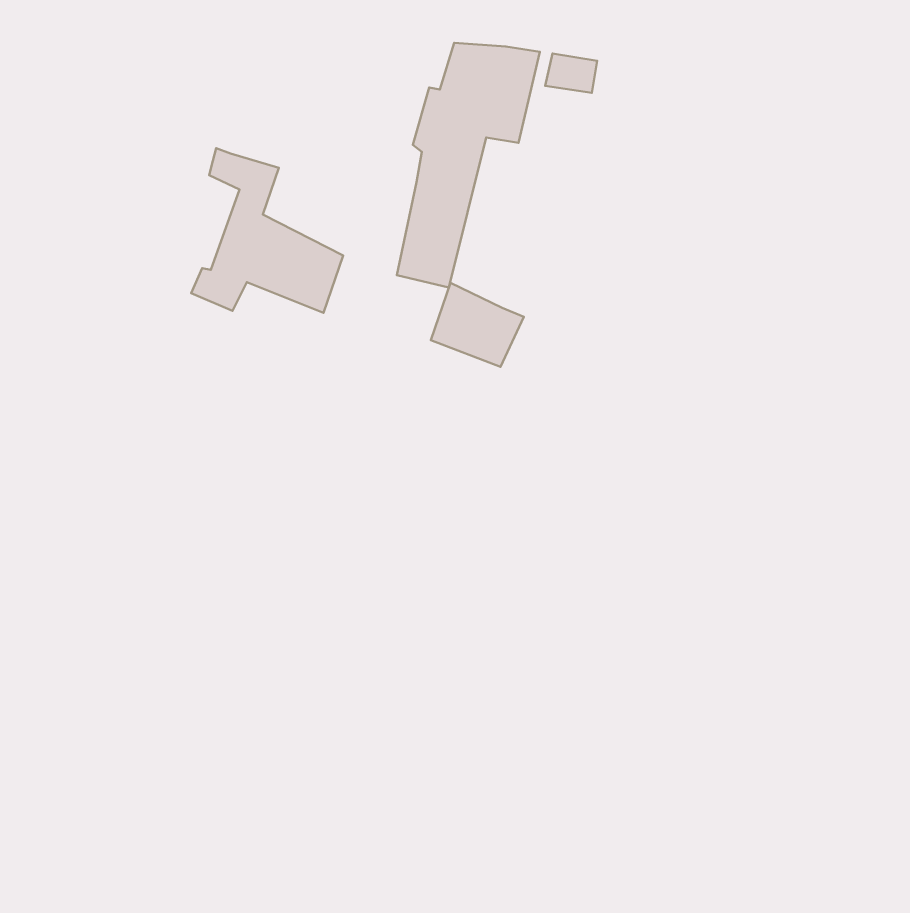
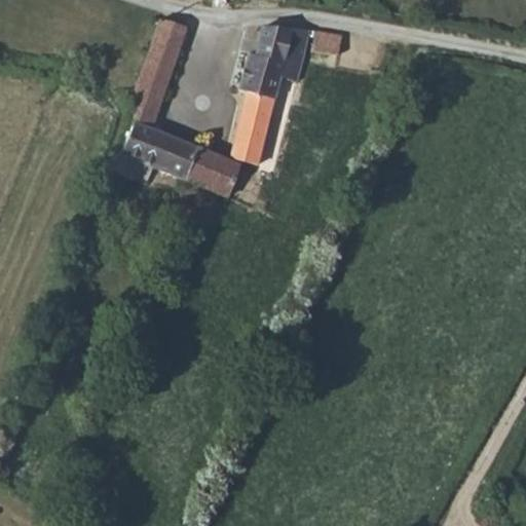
building: none -> [135,15,189,97]
building: [431,283,524,367] -> [188,147,241,195]

